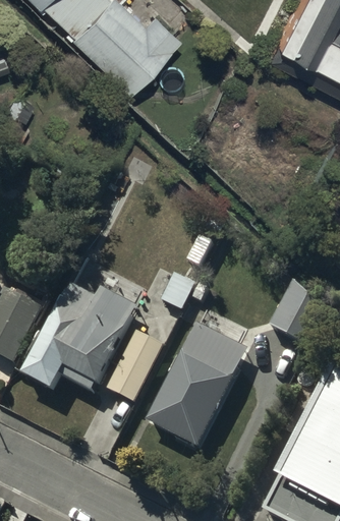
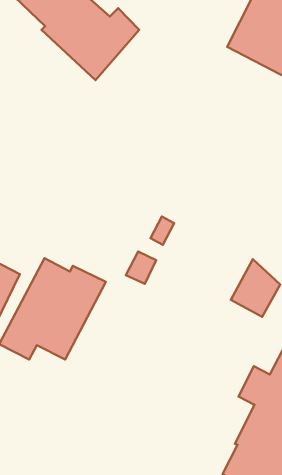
building: [147,322,246,445] -> none
building: [109,331,163,399] -> none

